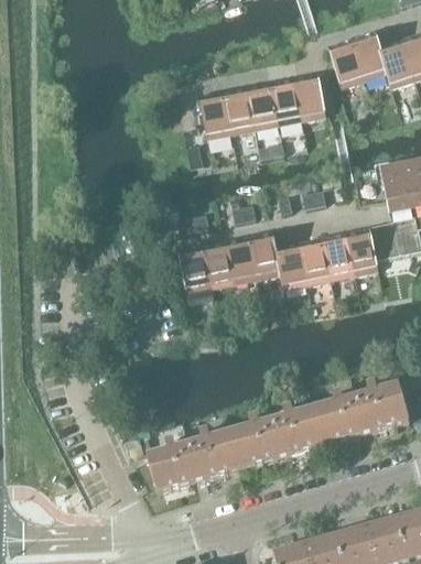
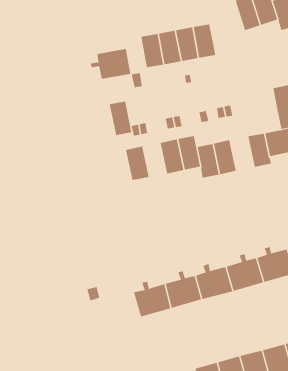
building: [294,73,326,120] -> none
building: none -> [90,48,131,80]
building: [322,231,355,279] -> none
building: [203,240,235,288] -> [109,101,132,136]
building: [149,440,199,491] -> none

